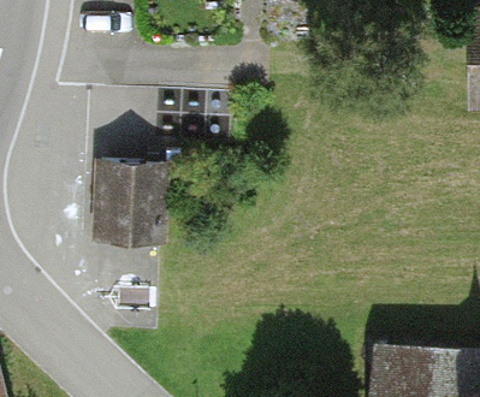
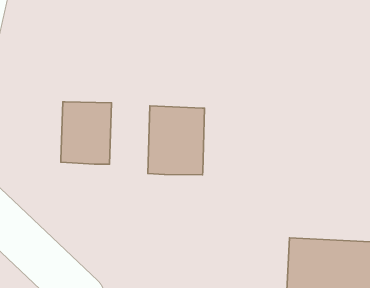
building: none -> [148,106,205,175]

